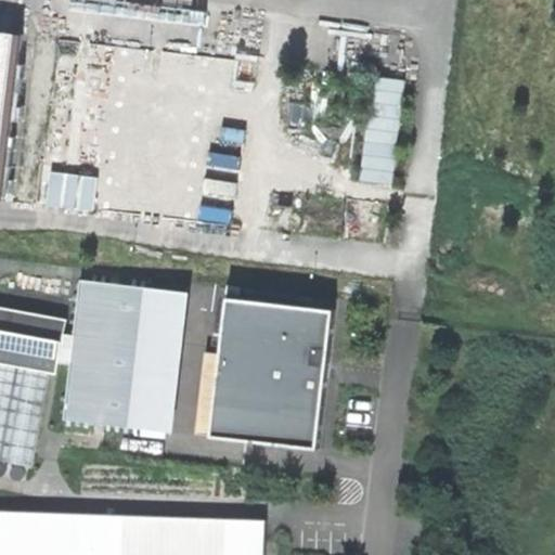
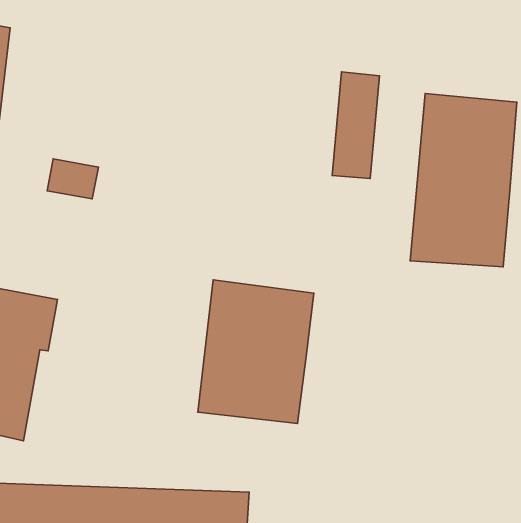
building: none -> [410,94,517,267]
building: [62,280,188,433] -> none

